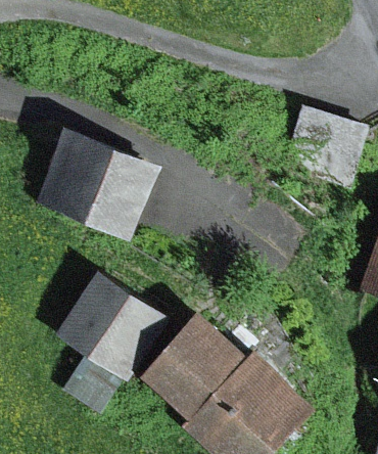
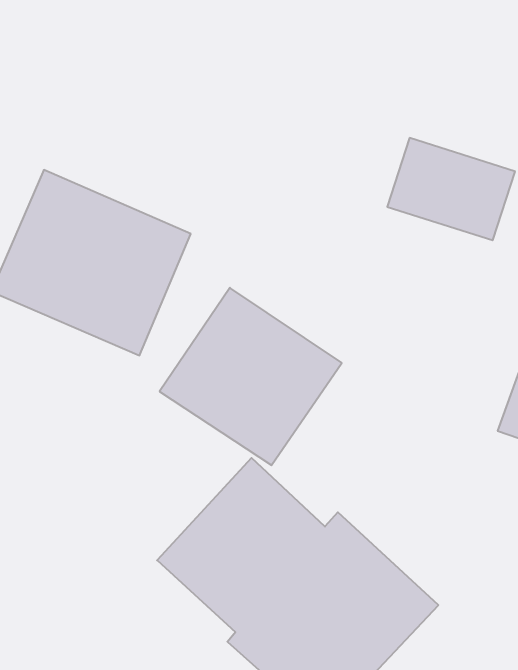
building: [54,271,171,384] -> [160,288,342,465]

